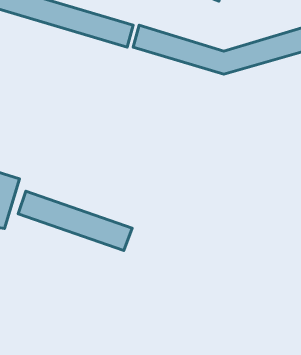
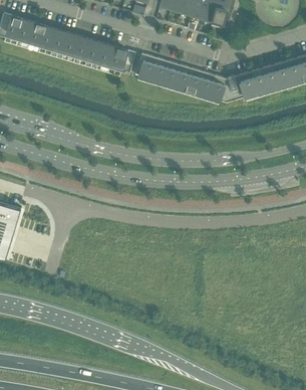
building: [18,191,132,250] -> none

